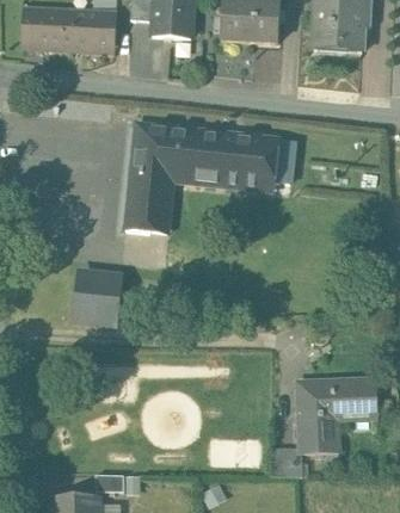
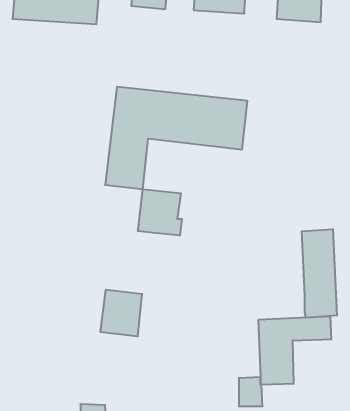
building: none -> [138,189,182,236]
building: [73,273,119,325] -> [100,290,142,336]
building: none -> [302,229,337,318]

